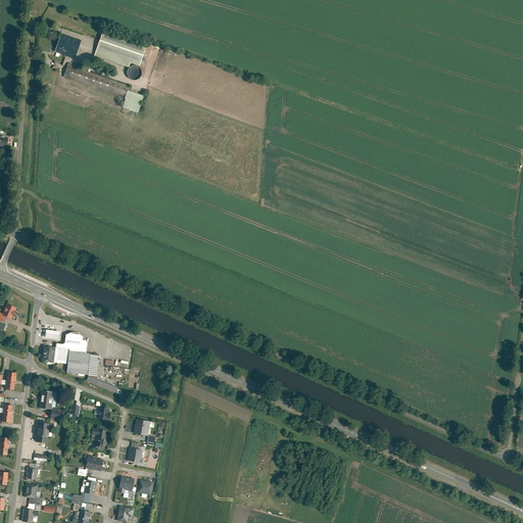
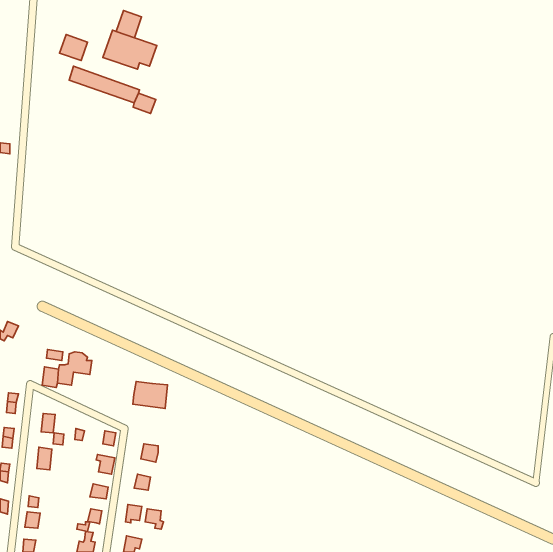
building: none -> [116,11,142,38]
building: [66,351,99,377] -> [133,381,167,409]

